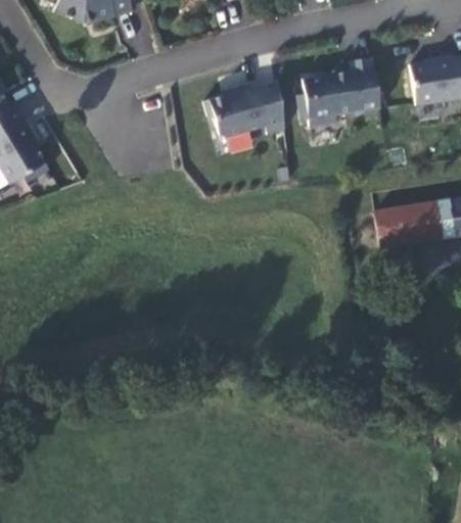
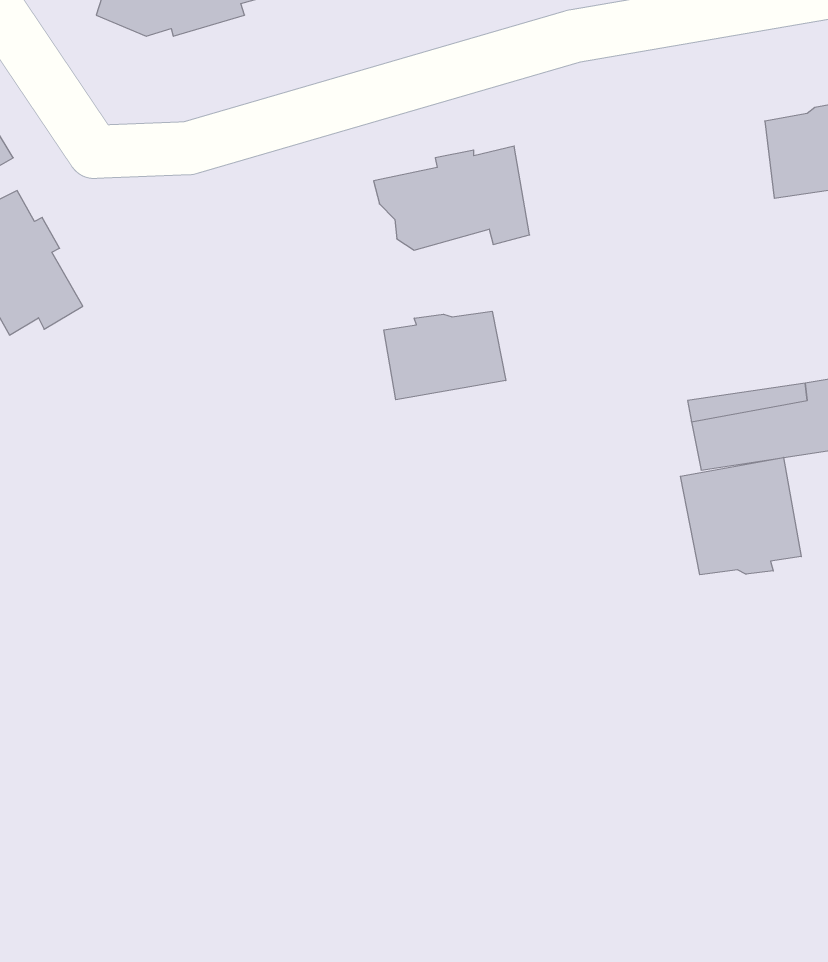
building: [297,56,381,124] -> none
building: none -> [384,311,506,400]
building: none -> [680,457,801,575]

